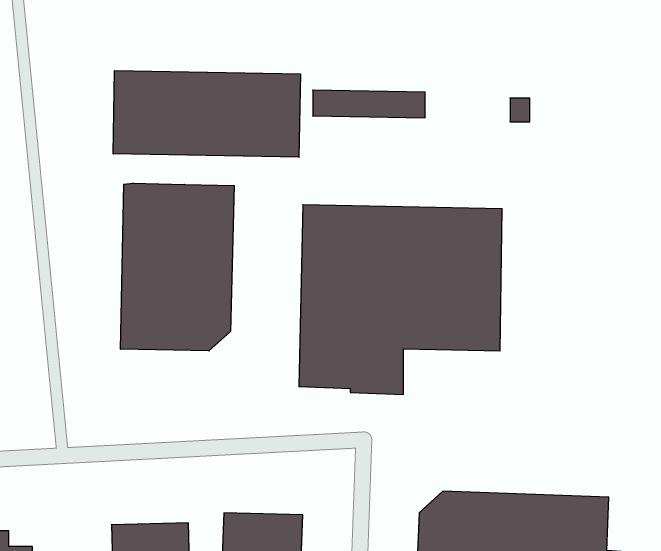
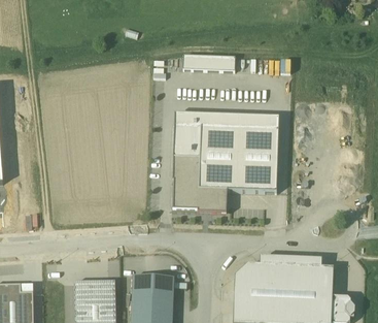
building: [113,71,300,157] -> none
building: [121,183,234,351] -> none

